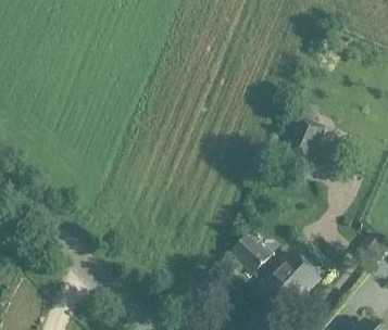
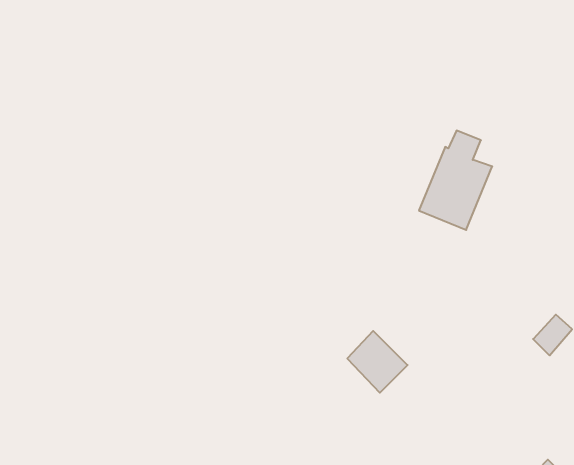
building: [264,254,321,312] -> none

